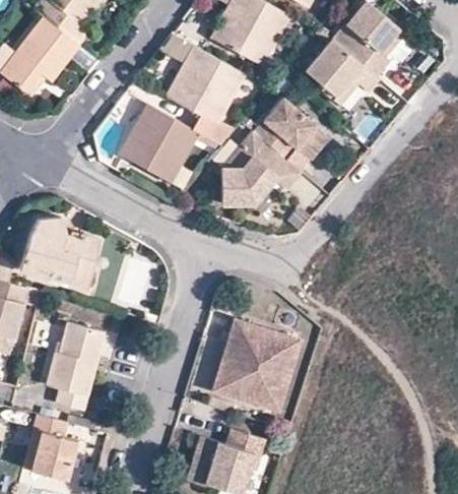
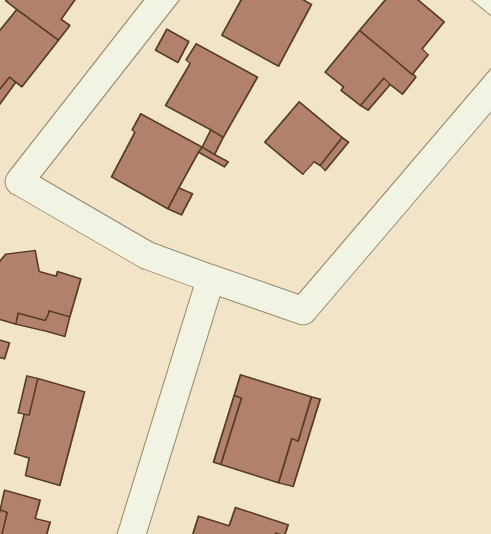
building: [222,129,302,202] -> none

